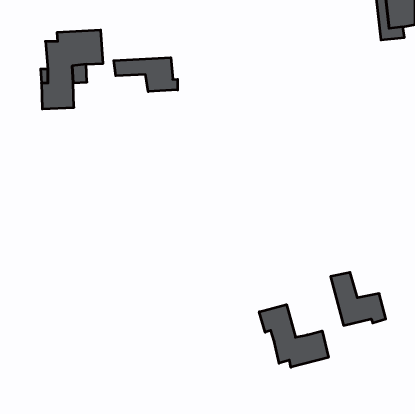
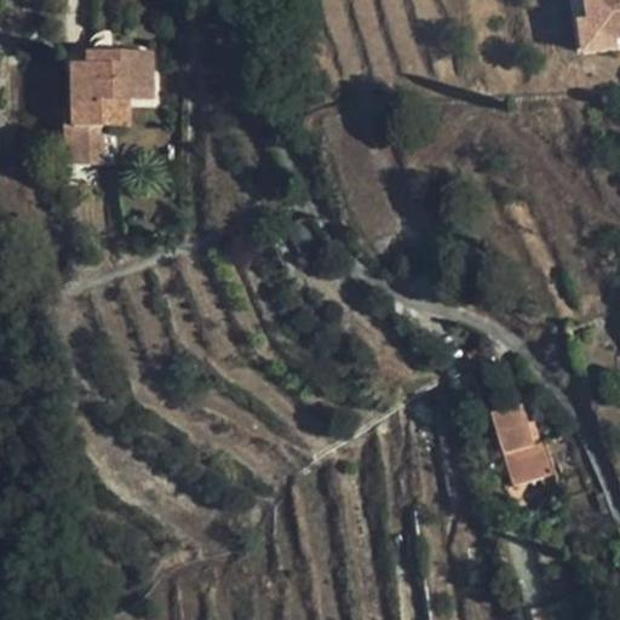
building: [114,58,178,92] -> none
building: [259,305,328,367] -> none

